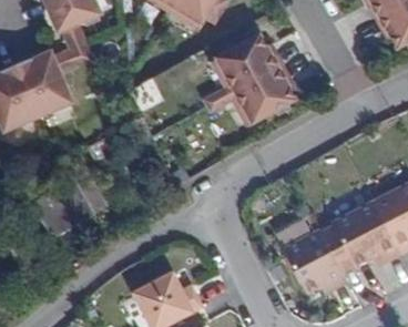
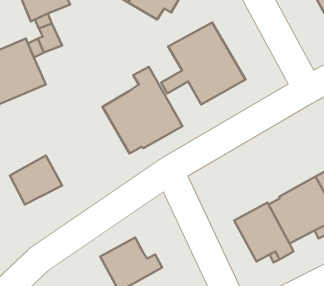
building: none -> [102,67,182,153]

